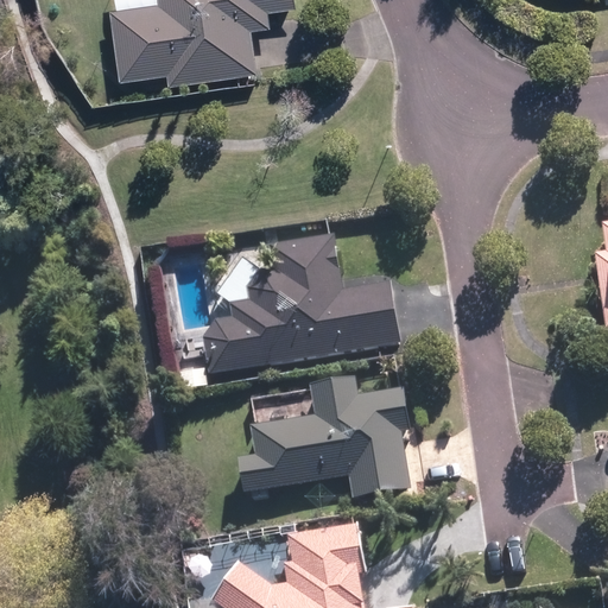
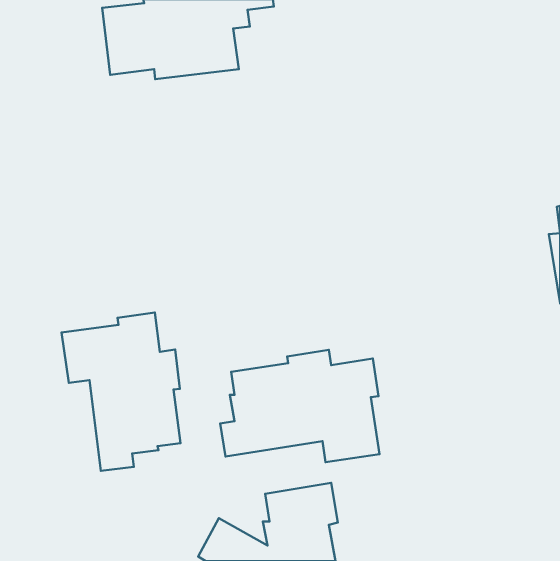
building: [202,235,403,373] -> none
building: none -> [62,313,180,471]

